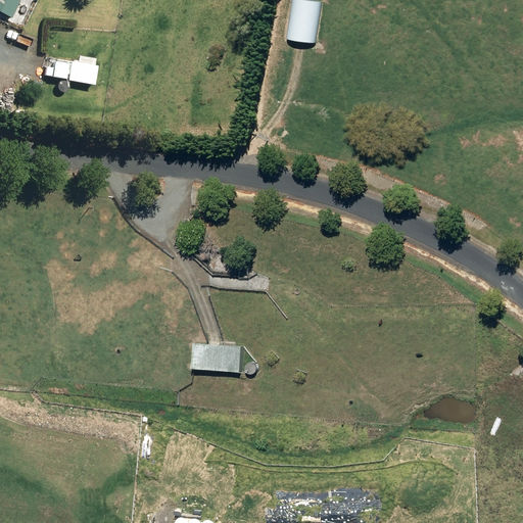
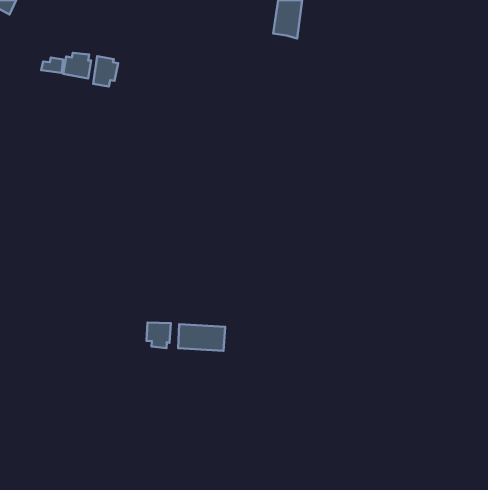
building: none -> [93,56,118,87]
building: none -> [146,322,171,348]

